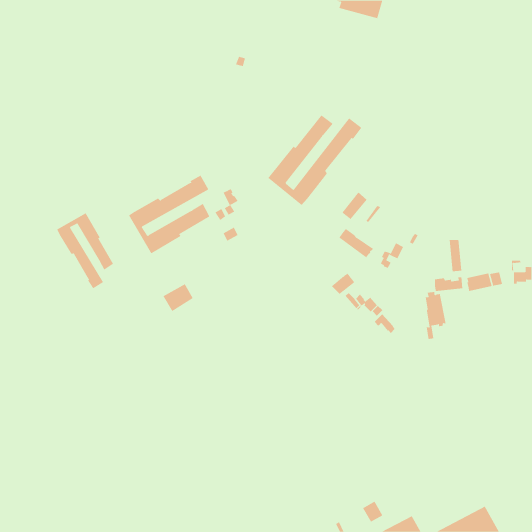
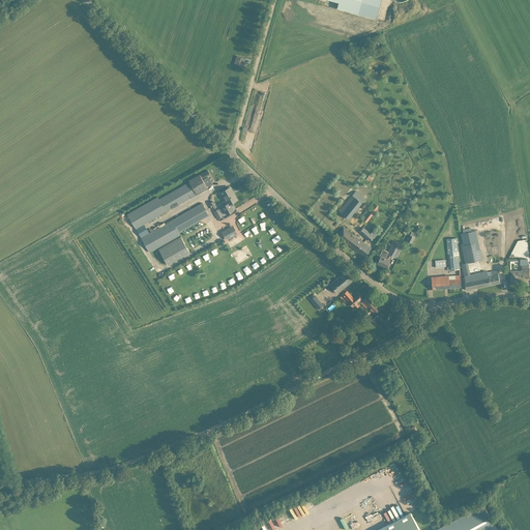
building: [268,115,362,206] -> none
building: [56,212,114,289] -> none
building: [162,284,194,312] -> [158,237,189,265]
building: [425,292,447,339] -> [461,228,482,275]

